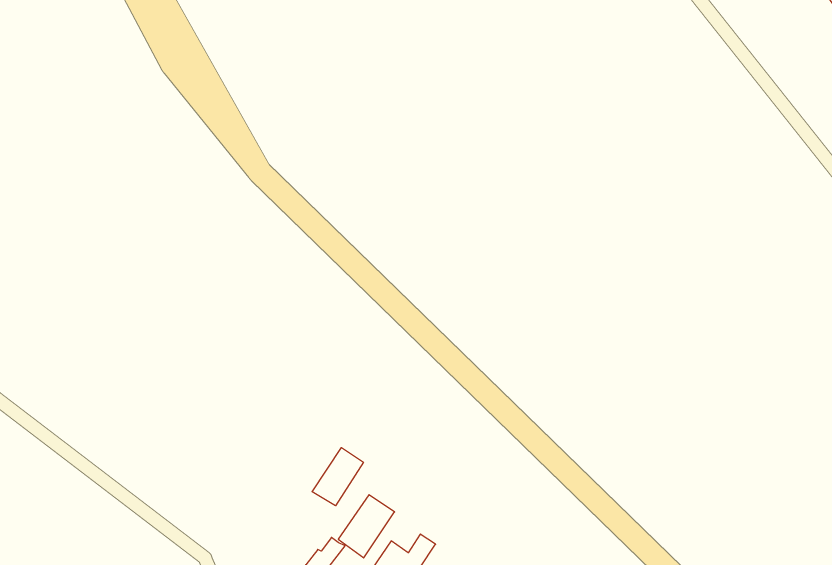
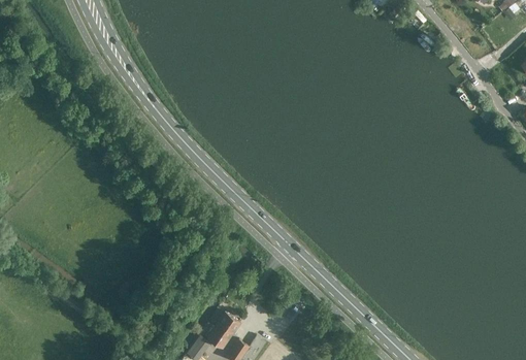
building: [312,448,363,506] -> none

